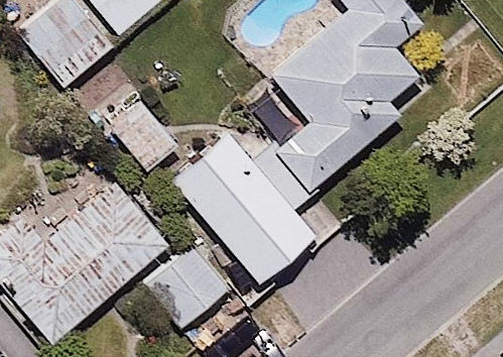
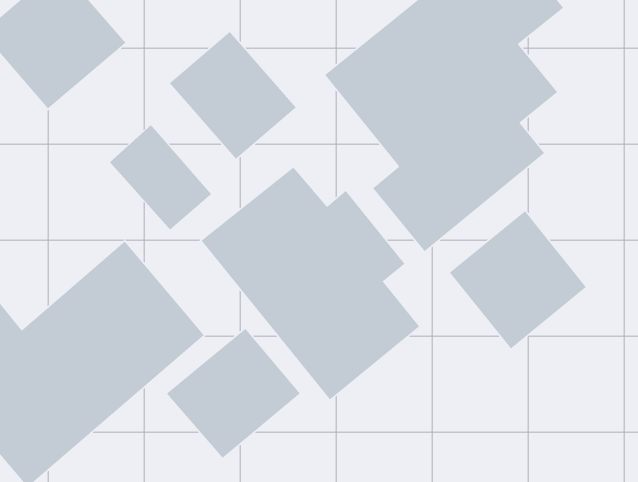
building: none -> [169,31,297,160]
building: none -> [449,210,587,350]

